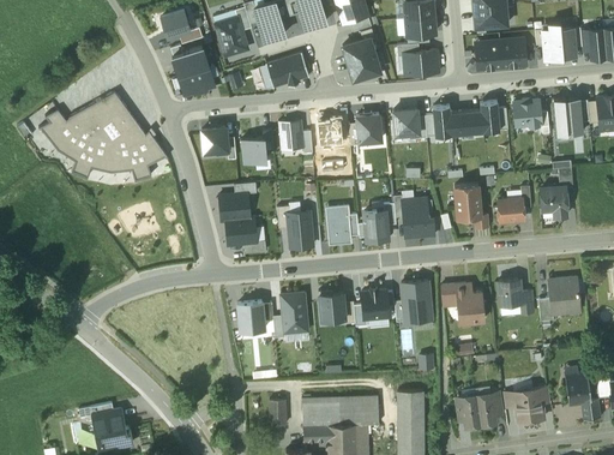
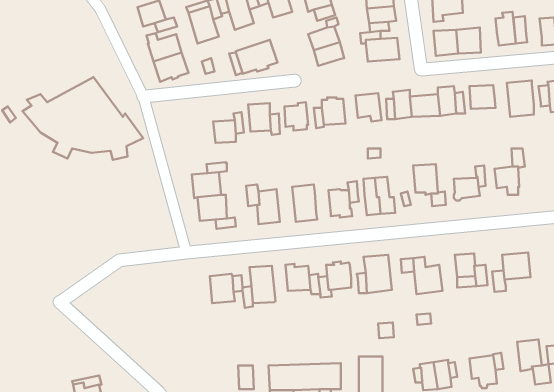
building: [200,127,229,157] -> none

